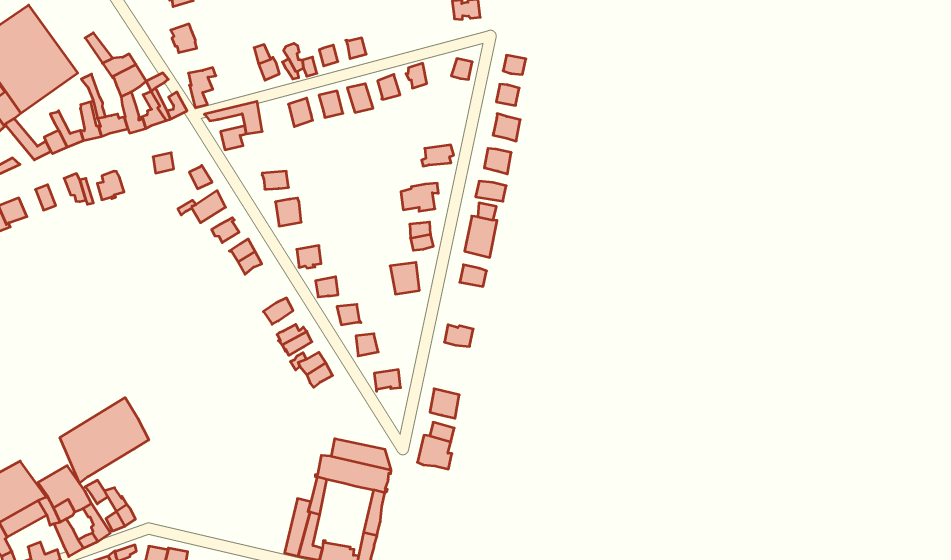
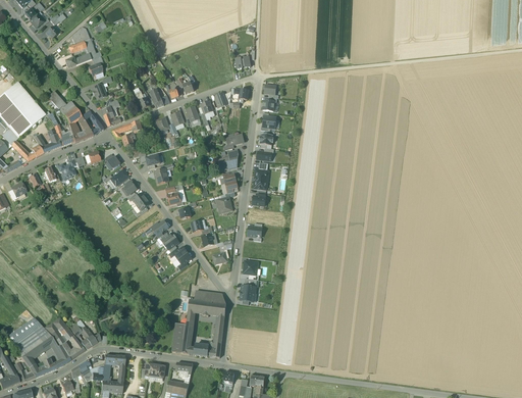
building: [60,398,149,483] -> none

